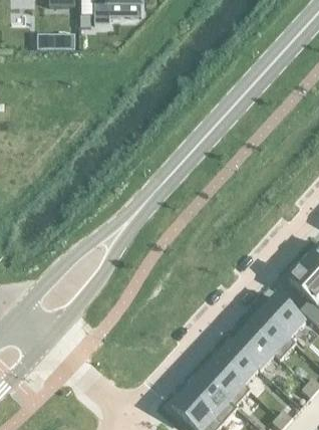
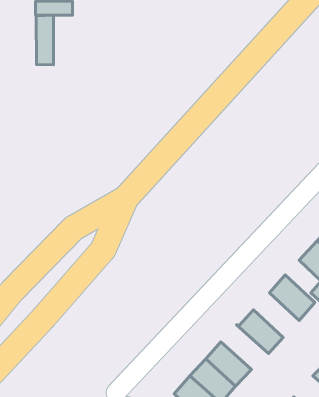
building: none -> [36,15,54,65]
building: [245,310,288,353] -> none
building: [214,341,259,383] -> none

